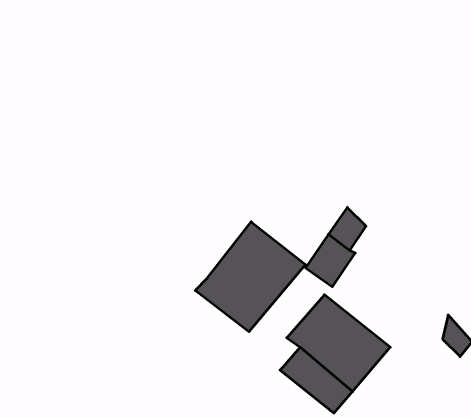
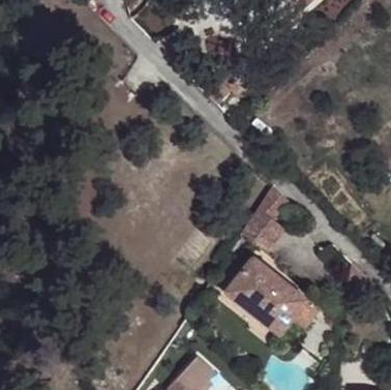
building: [195,222,305,332] -> none

